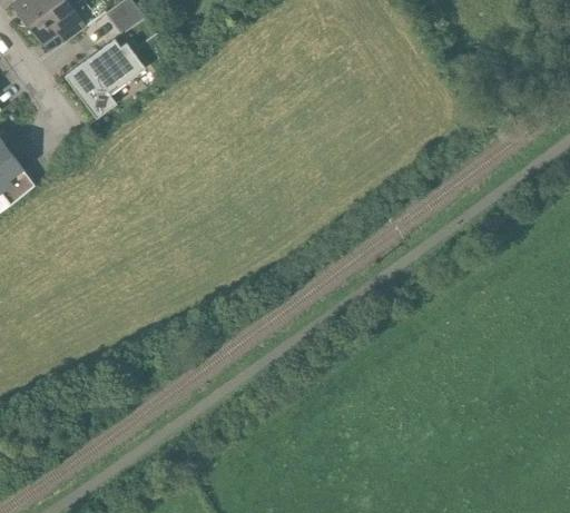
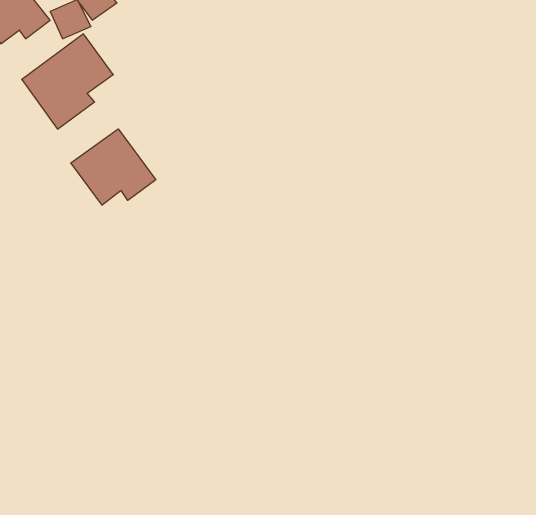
building: none -> [71,129,156,205]

